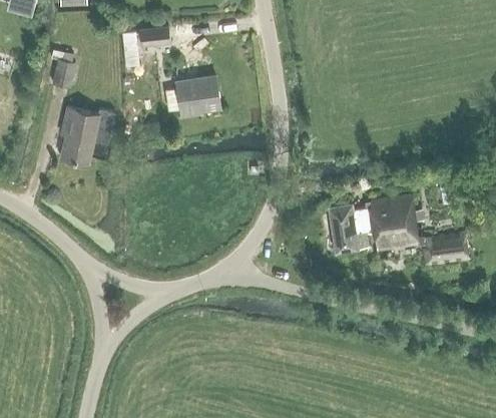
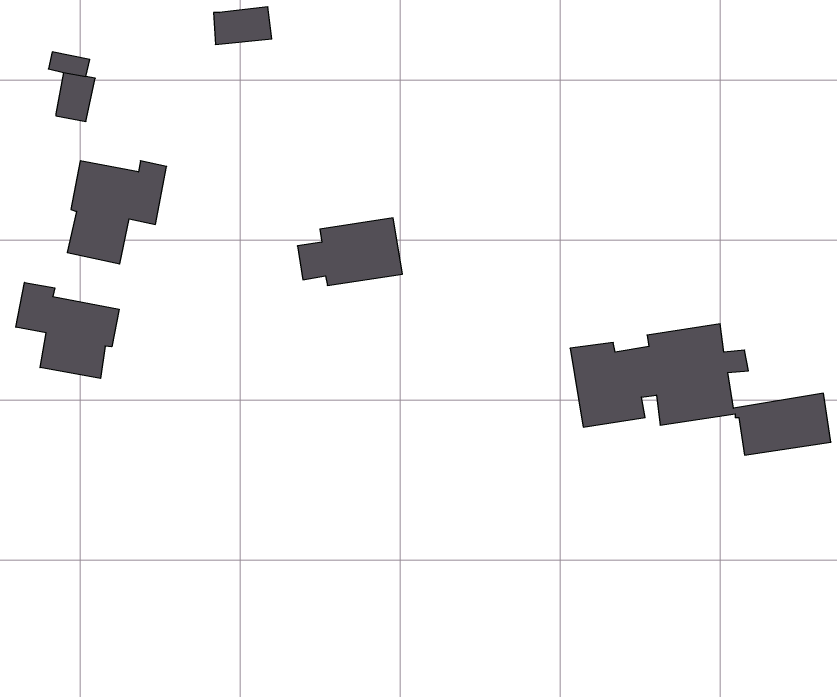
building: [163,76,219,112] -> [297,218,402,285]
building: none -> [16,282,119,378]

